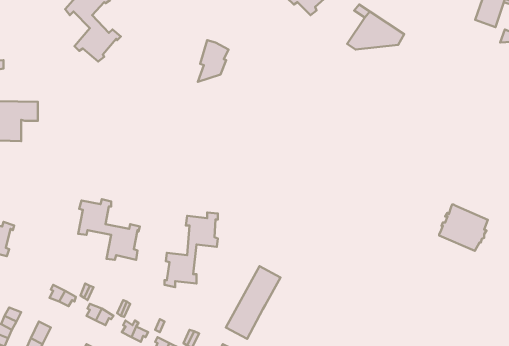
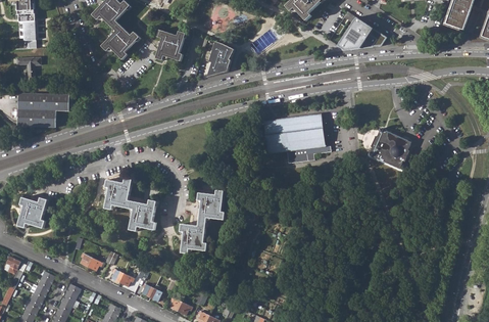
building: none -> [155,32,187,61]
building: none -> [263,114,331,163]
building: [439,205,488,251] -> [369,128,410,168]
building: [226,266,281,339] -> none

